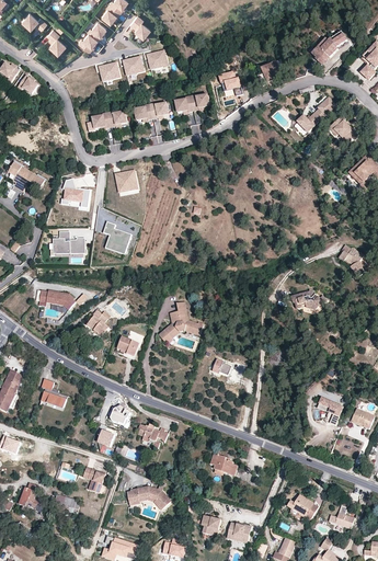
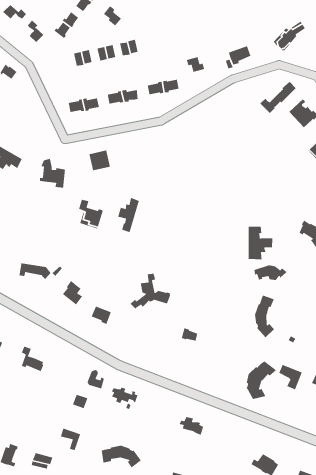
building: none -> [117,197,140,233]
building: [54,231,84,253] -> none
building: none -> [248,226,273,260]
building: none -> [254,294,275,338]
building: none -> [245,361,277,400]

